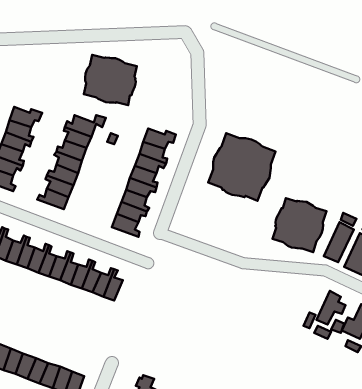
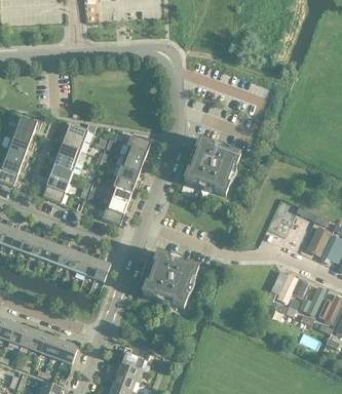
building: [84,55,137,105] -> none
building: [272,198,326,252] -> none
building: none -> [141,252,198,309]

